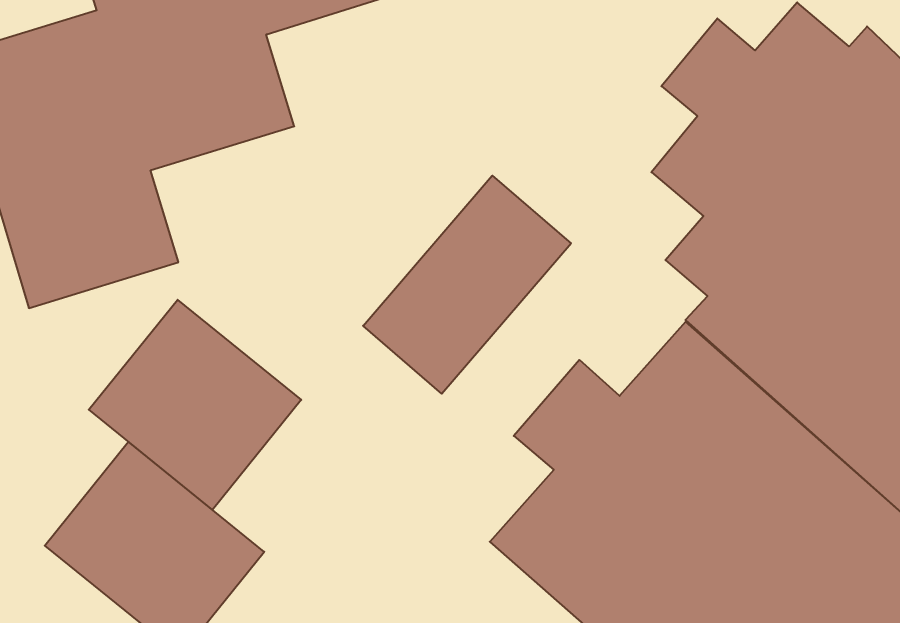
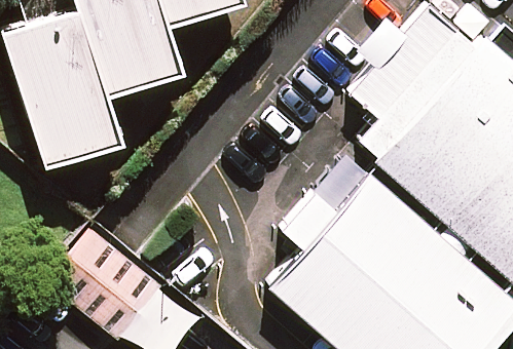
building: [363,176,571,394] -> none
building: [89,300,301,510] -> none

